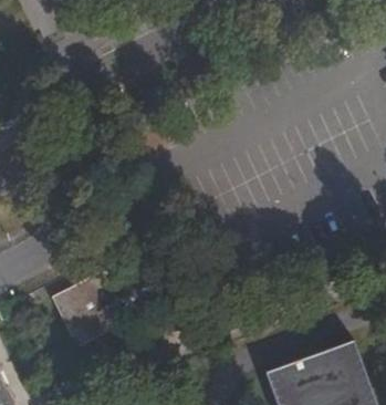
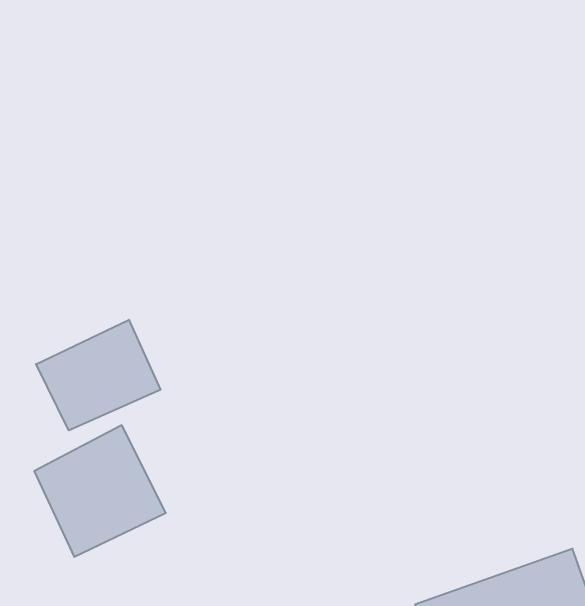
building: none -> [36,320,161,430]

